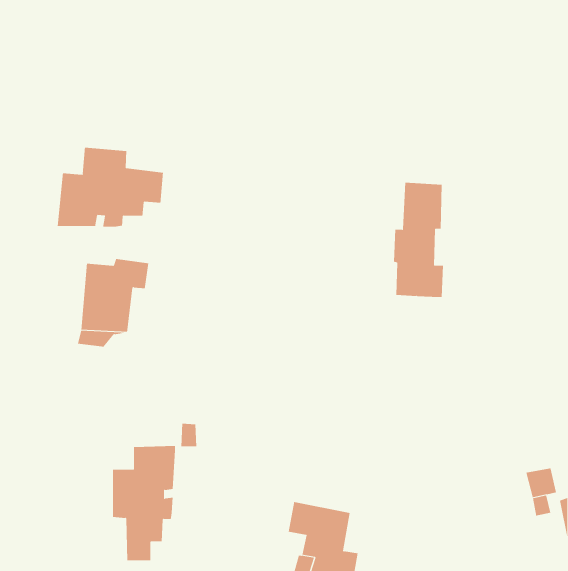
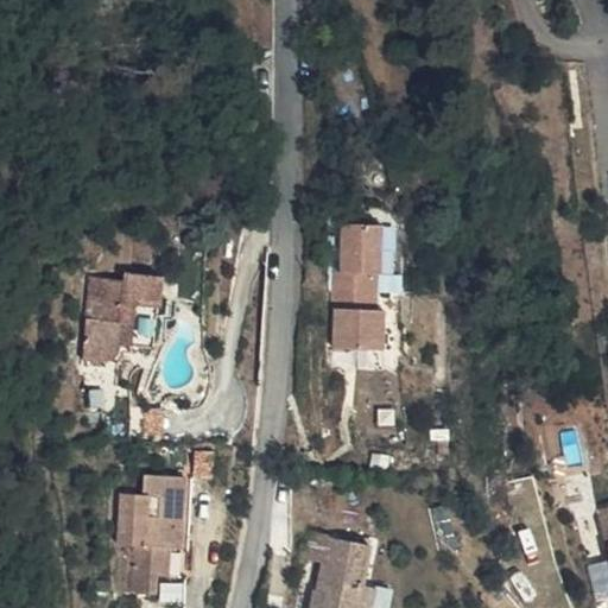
building: [57,147,163,227] -> none
building: [393,182,444,298] -> [330,223,384,346]

